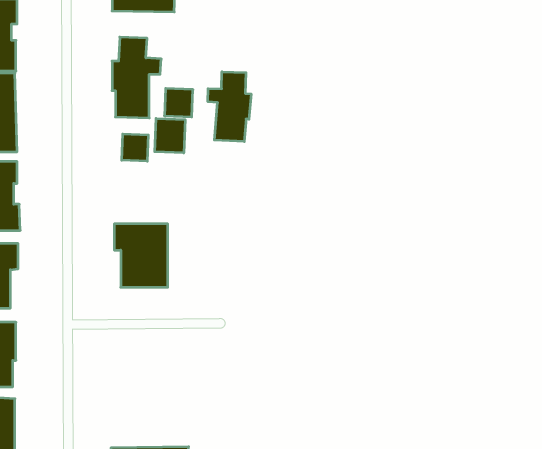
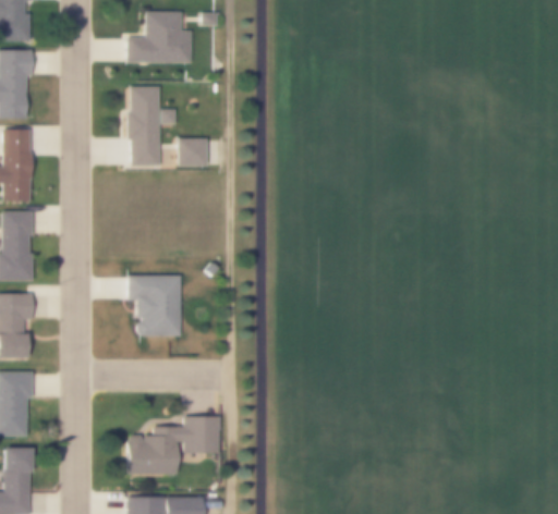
building: [208,72,251,142] -> none
building: [155,118,185,153] -> none
building: [122,134,148,161] -> none
building: none -> [126,416,220,475]

